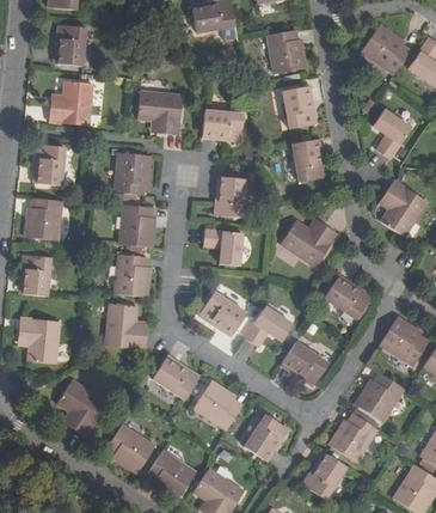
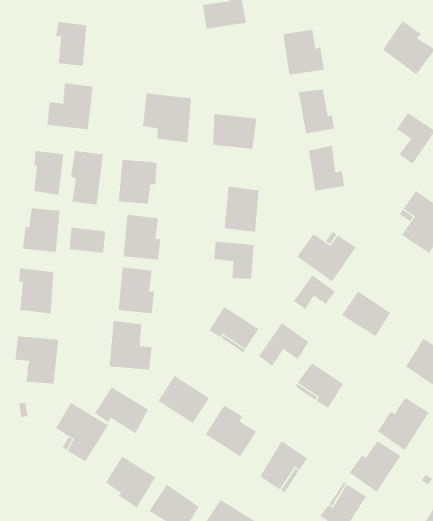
building: none -> [70,150,104,205]
building: none -> [69,227,106,254]
building: none -> [293,274,336,310]
building: none -> [94,387,149,434]

